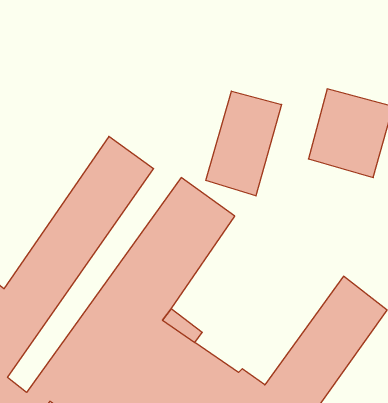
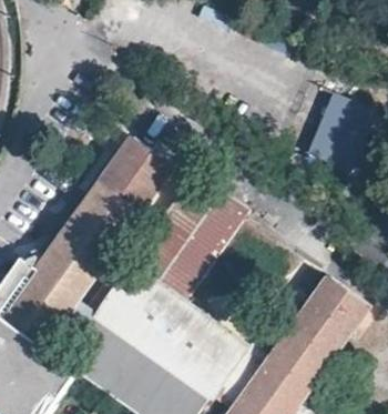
building: [206,91,282,196] -> none

